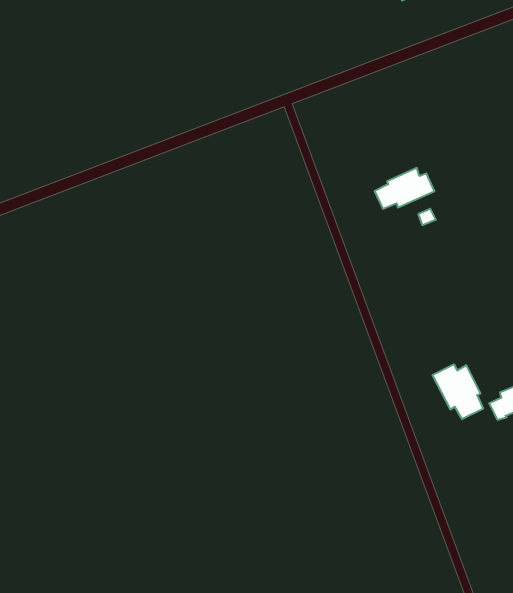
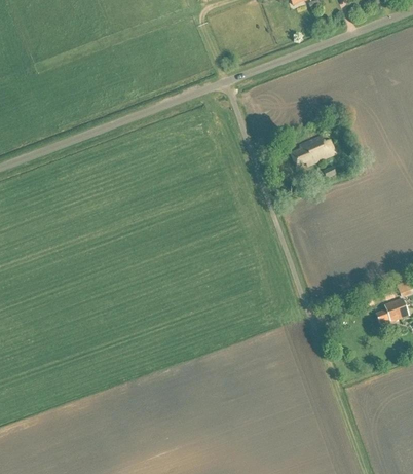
building: [433,364,483,419] -> none

